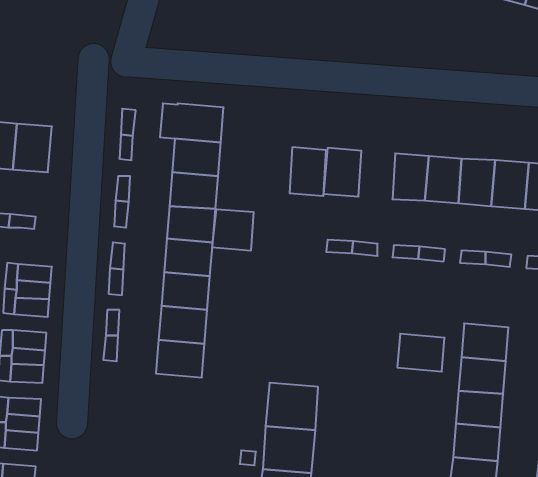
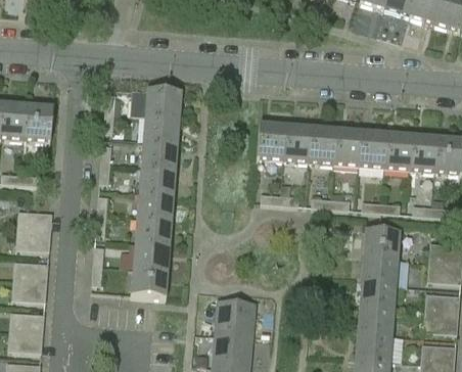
building: [290,147,326,196] -> [284,125,312,161]
building: [212,209,253,251] -> none
building: [397,334,445,372] -> [364,230,400,259]

